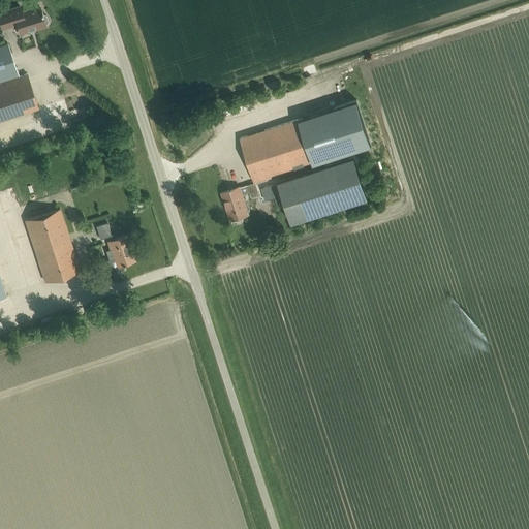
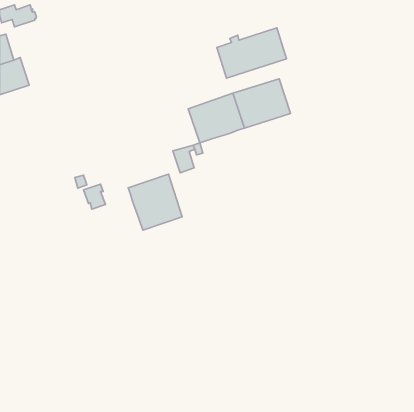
building: [277,159,366,223] -> [217,28,287,78]
building: [24,212,79,284] -> none
building: none -> [128,174,182,230]

